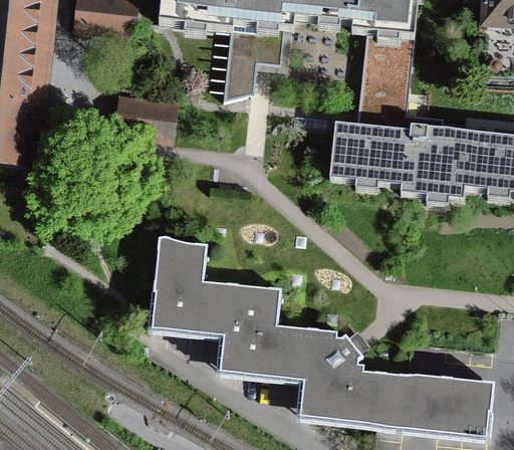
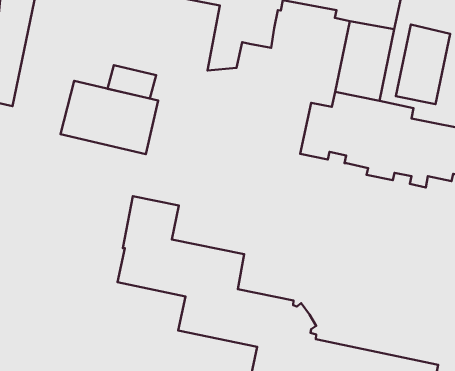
building: none -> [396,25,450,104]
building: none -> [61,81,158,154]

